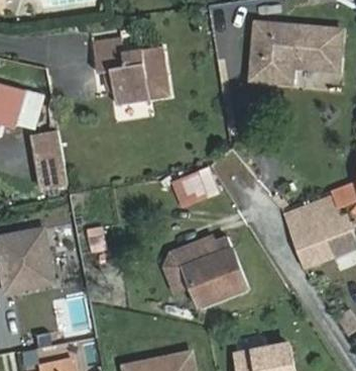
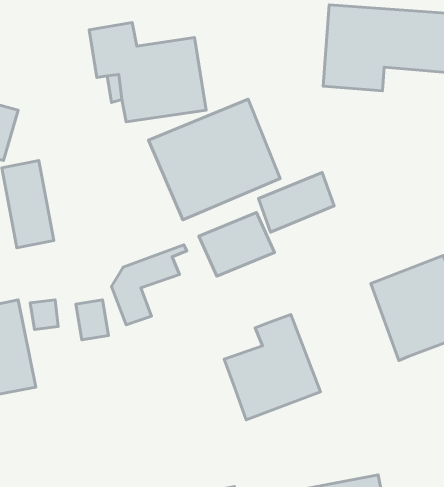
building: none -> [148,99,280,220]
building: none -> [258,172,334,232]
building: [163,237,215,291] -> [111,245,187,325]

